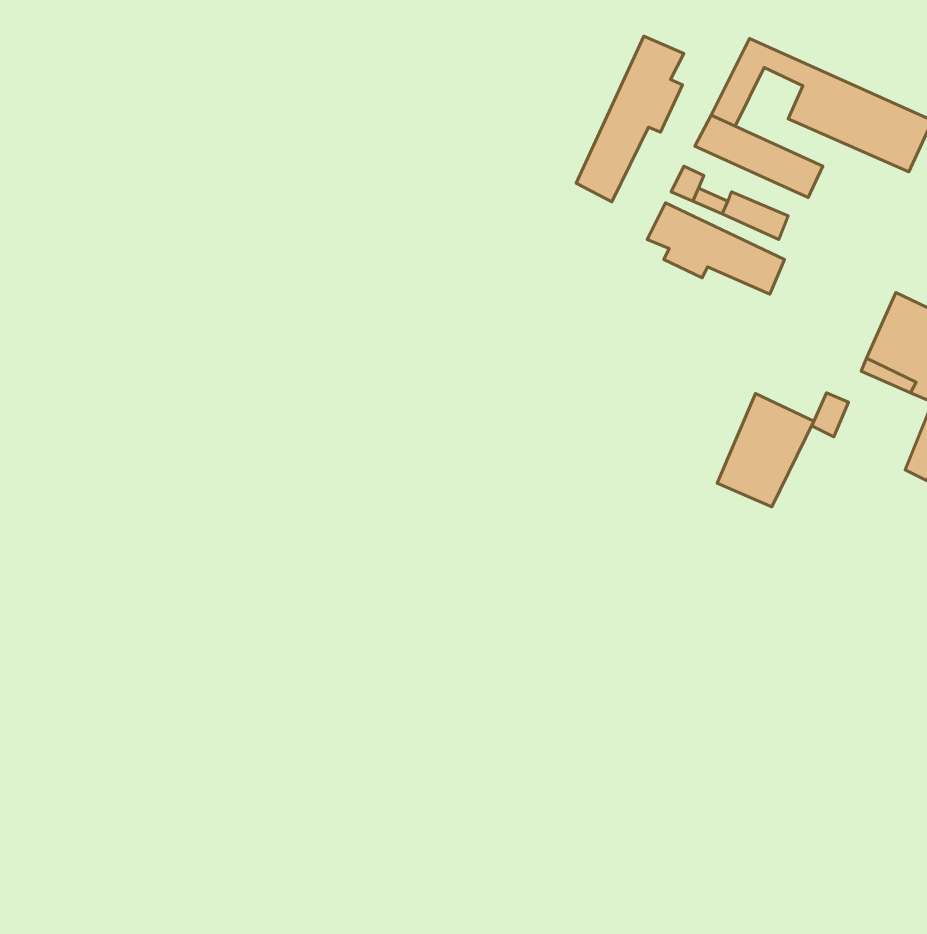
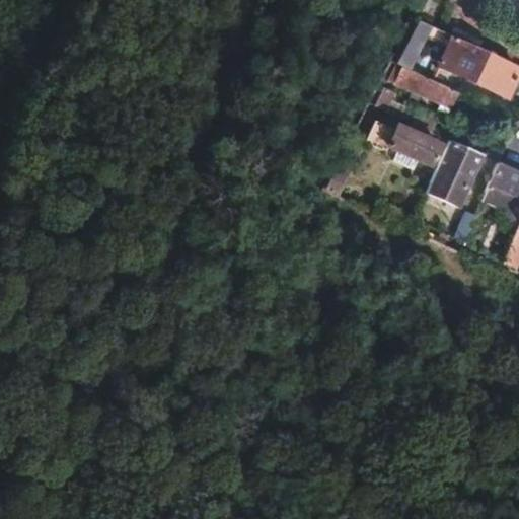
building: [576,36,684,202] -> none
building: [717,394,814,507] -> [430,140,484,203]

